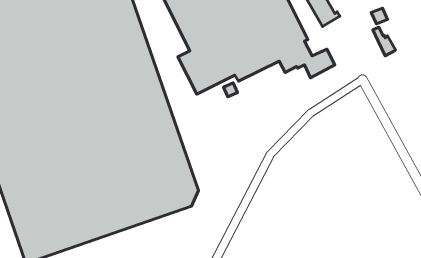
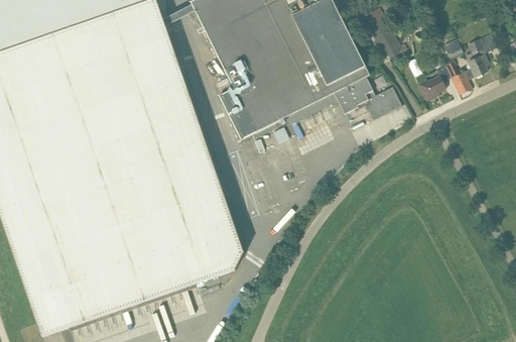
building: none -> [468,36,490,76]
building: none -> [418,75,445,100]

